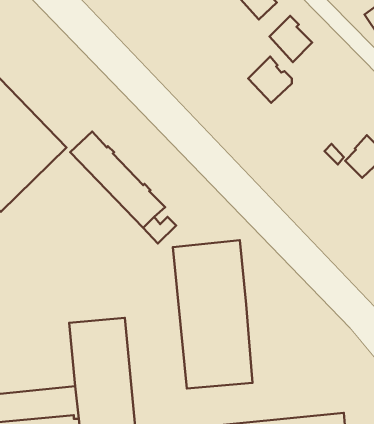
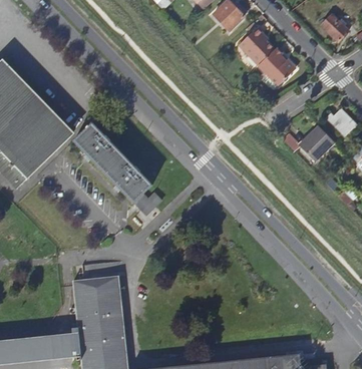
building: [248,57,292,103] -> [258,47,294,85]
building: [173,240,253,388] -> none

